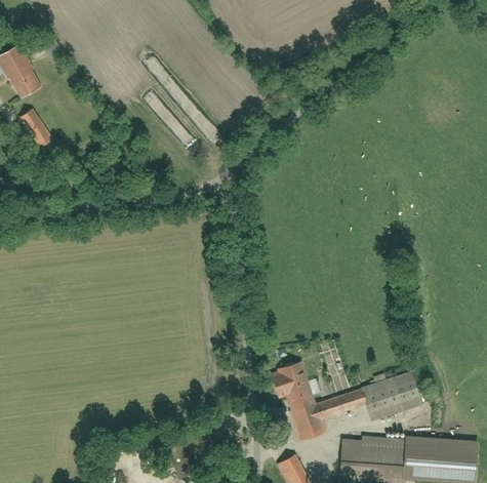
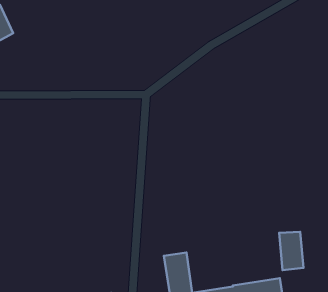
building: none -> [279,232,303,270]

